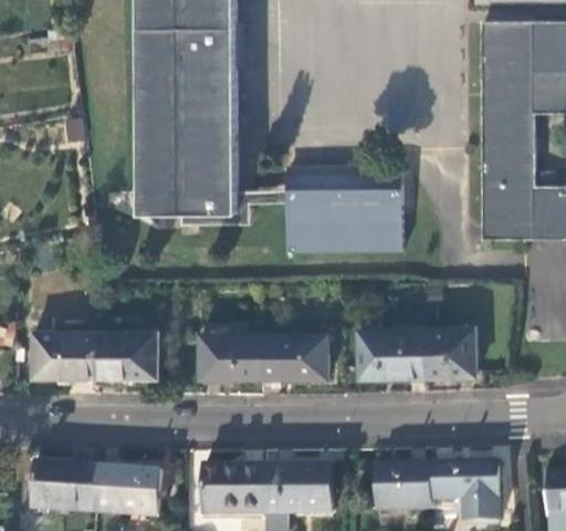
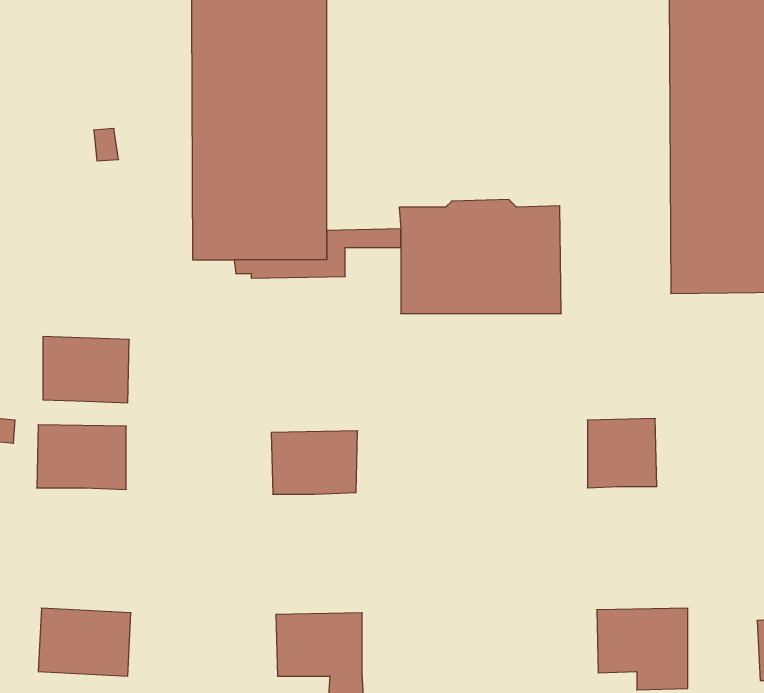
building: [356,326,423,376] -> none
building: [93,331,155,378] -> [43,337,129,403]
building: [258,334,324,378] -> none
building: [375,462,431,509] -> none
building: [262,464,329,509] -> none
building: [94,465,158,512] -> none

